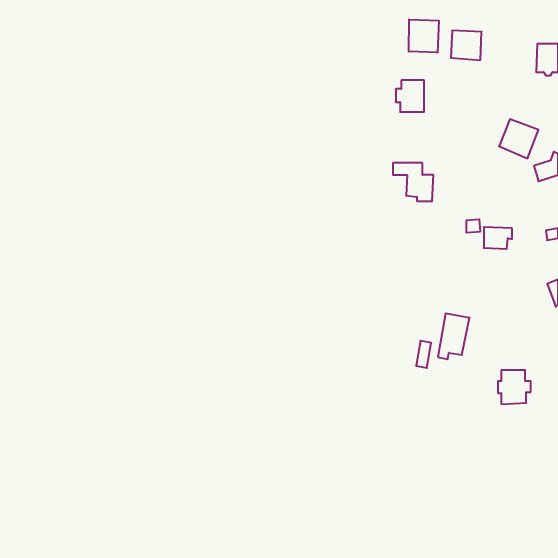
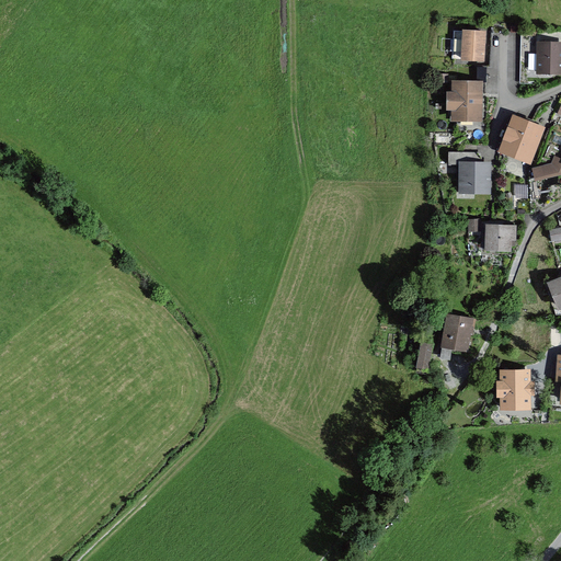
building: [409,19,439,53] -> none
building: [396,80,424,112] -> [450,85,479,117]
building: [393,163,433,201] -> [448,152,489,191]

